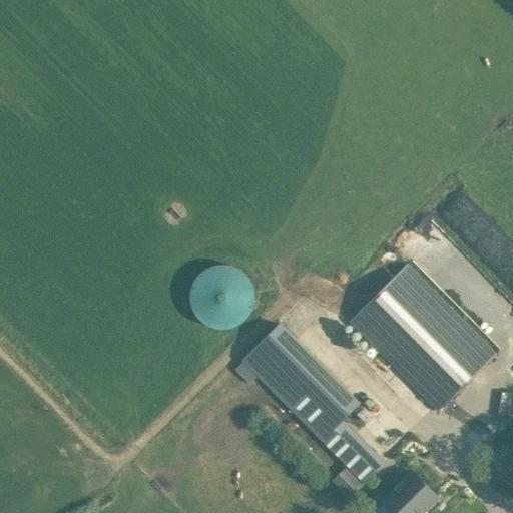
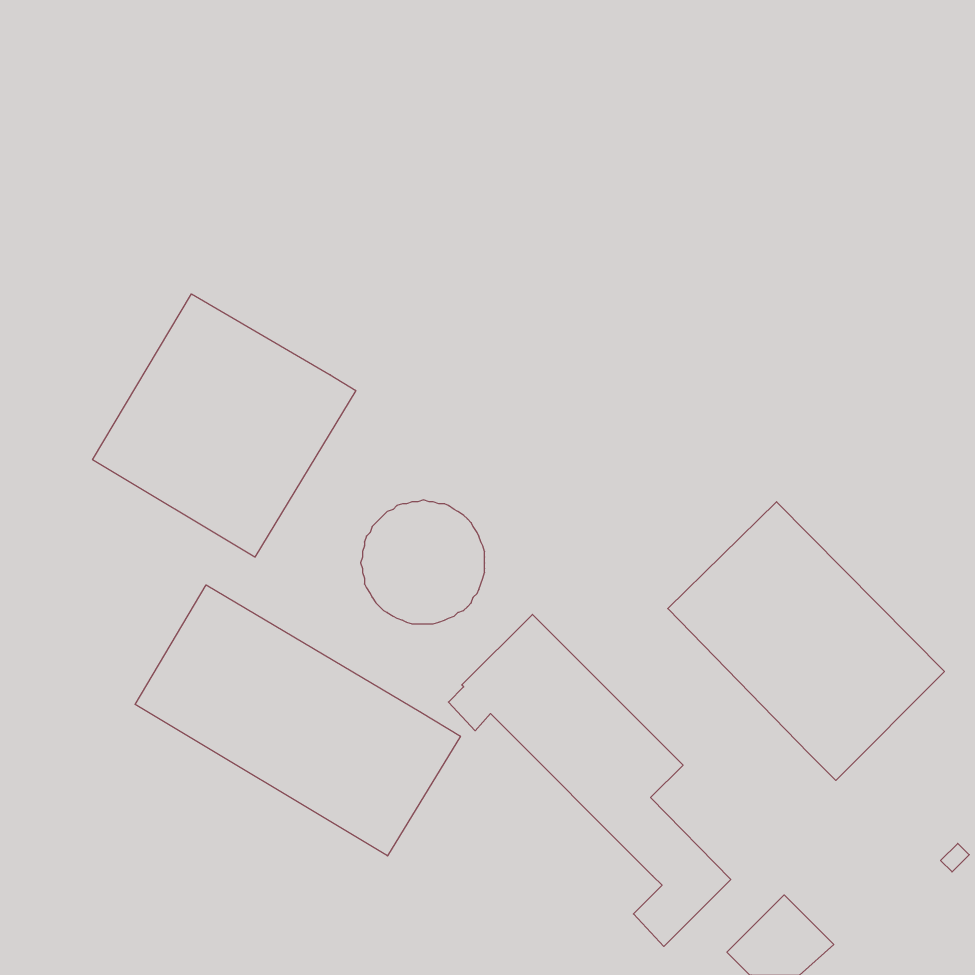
building: none -> [93,294,356,557]
building: none -> [135,585,460,856]

